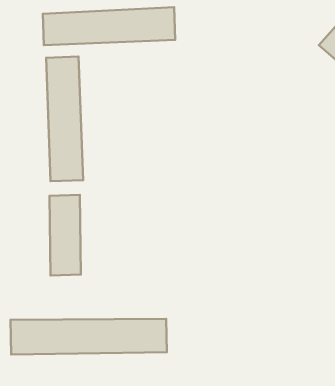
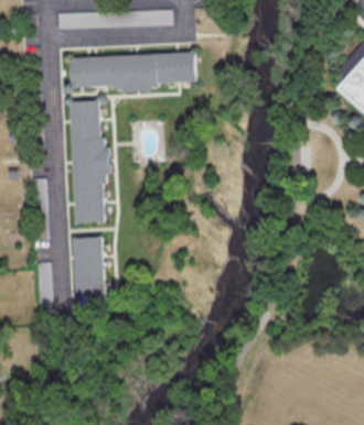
building: [10,319,167,355] -> none

